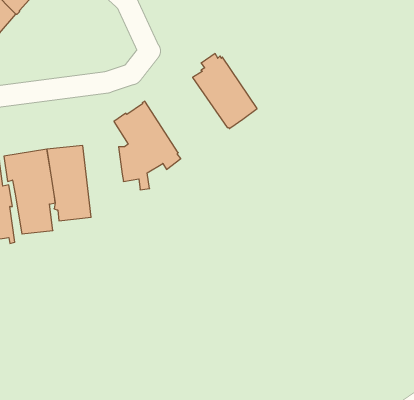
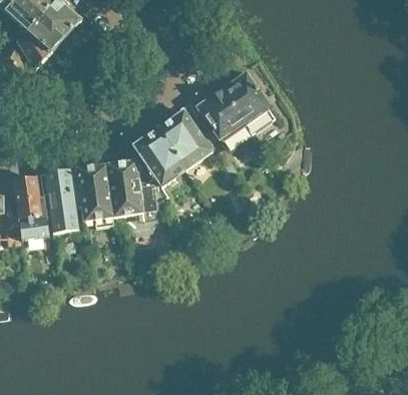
building: none -> [223,71,274,131]
building: none -> [157,108,211,168]
building: none -> [105,158,154,223]

